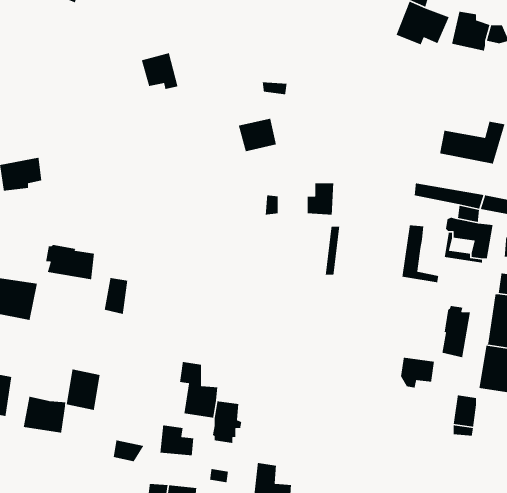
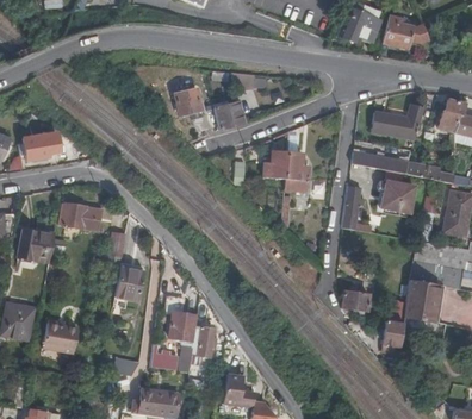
building: [141,52,178,90] -> [173,88,203,118]
building: none -> [287,152,310,183]
building: [442,305,471,358] -> none
building: [66,369,101,411] -> [116,270,143,304]

